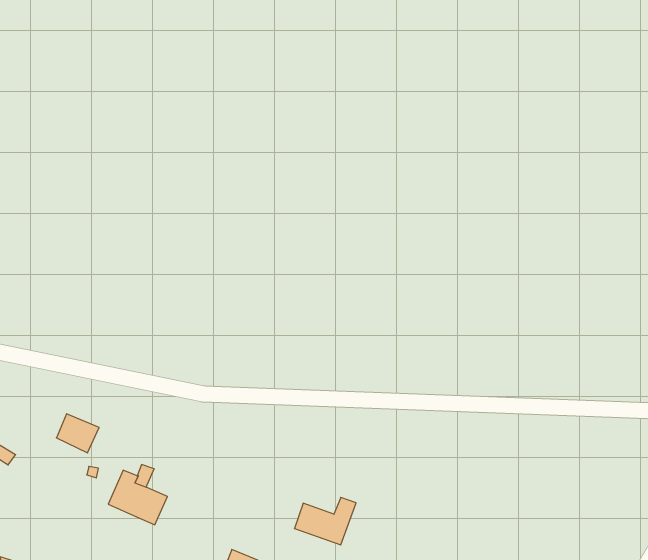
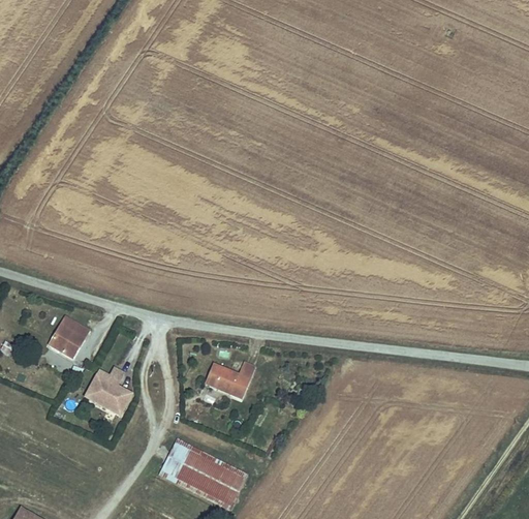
building: [294,497,356,545] -> [206,363,254,399]

